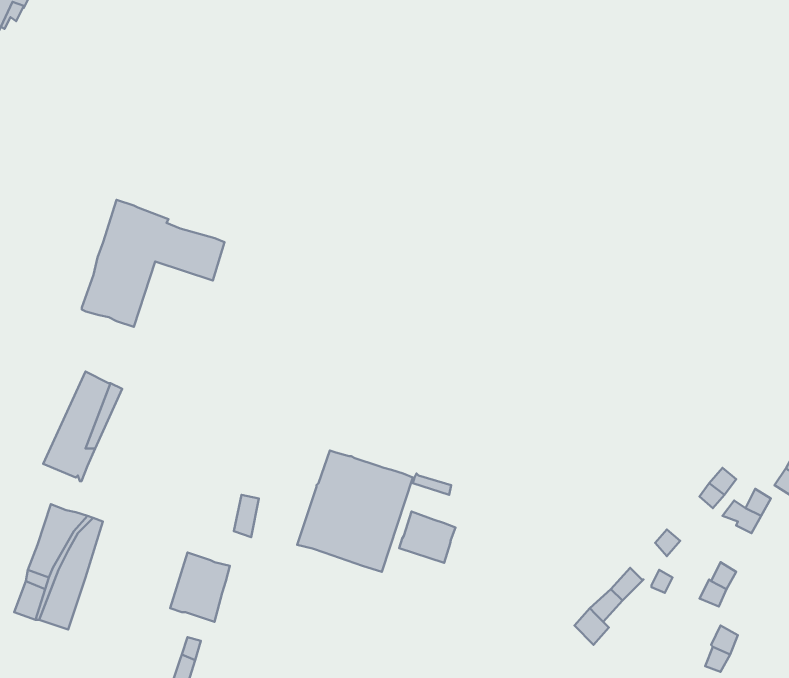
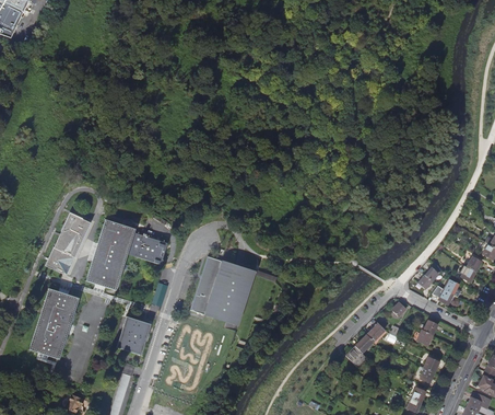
building: [82,200,224,327] -> [85,219,166,291]
building: [399,511,455,563] -> none

